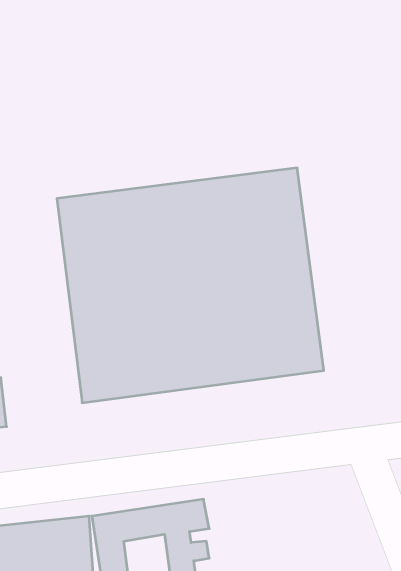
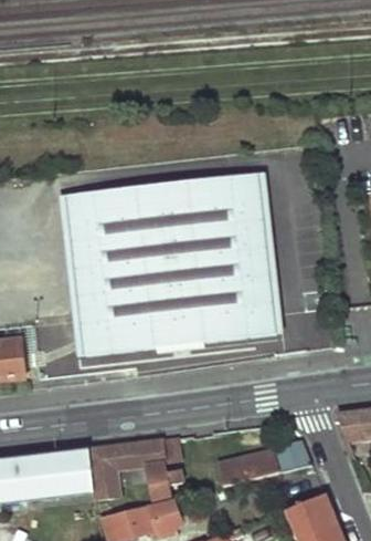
building: none -> [219,446,312,486]

